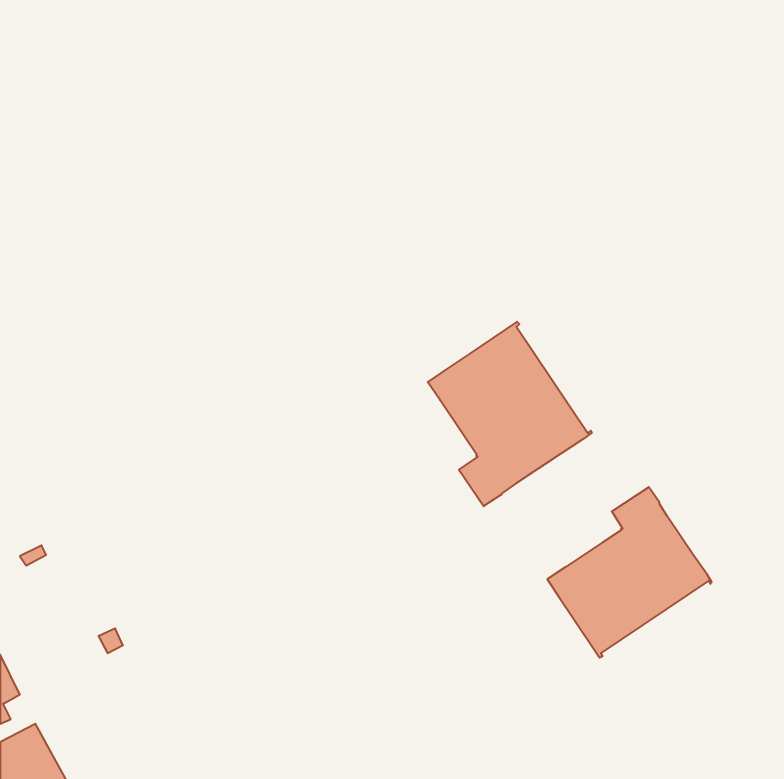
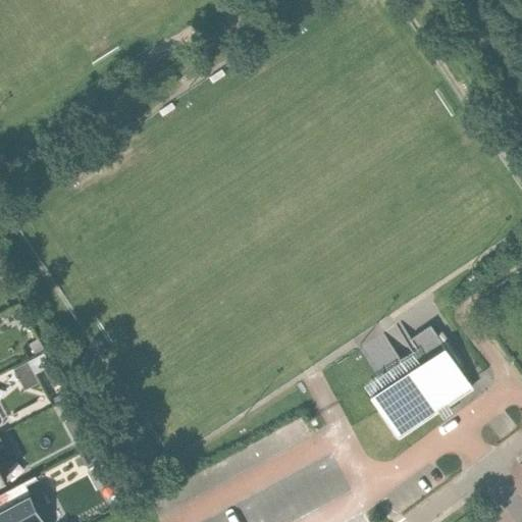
building: [428,322,592,506] -> none

